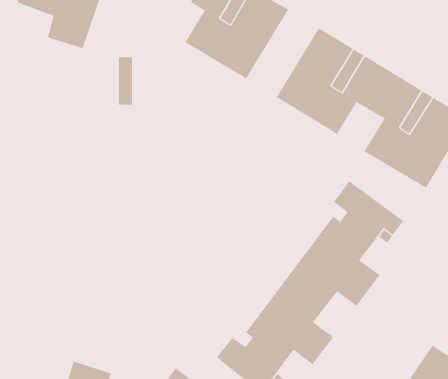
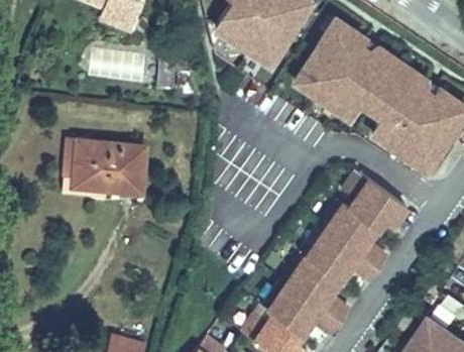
building: none -> [73,152,138,198]

